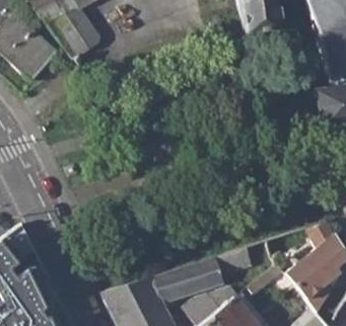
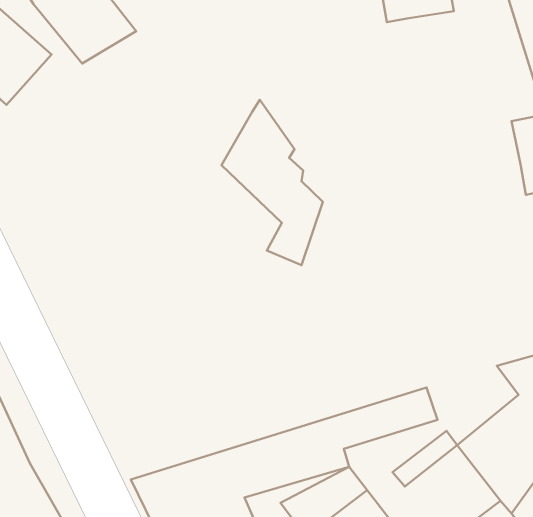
building: none -> [222,100,323,265]

